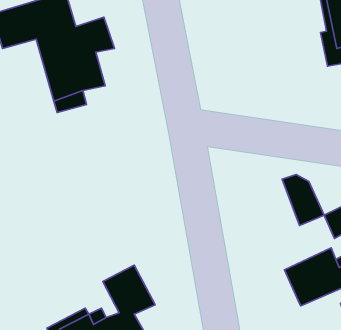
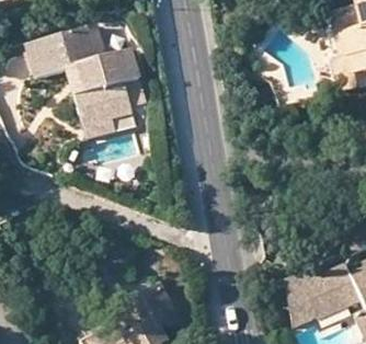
building: [282,174,324,226] -> [276,279,316,328]

